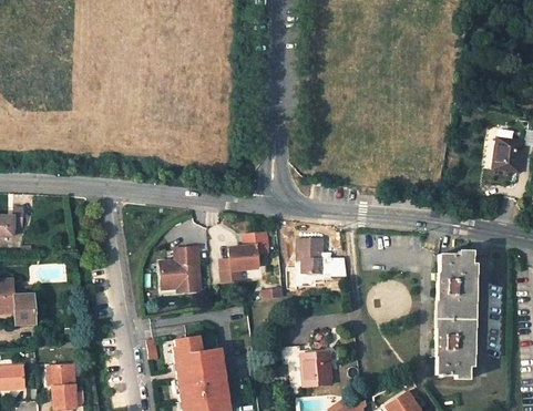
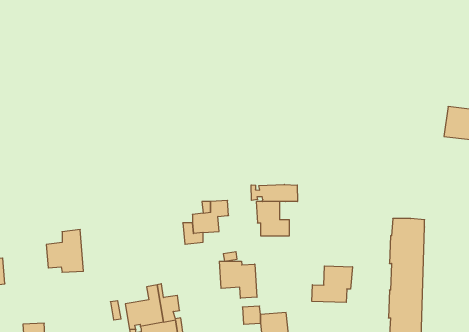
building: none -> [251,184,297,202]
building: [158,246,197,290] -> [46,230,83,272]
building: none -> [219,261,257,298]
building: none -> [312,266,352,302]

